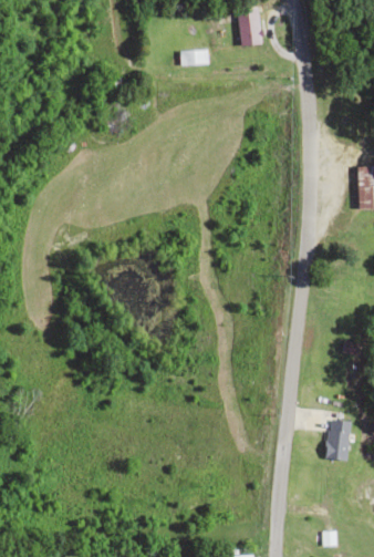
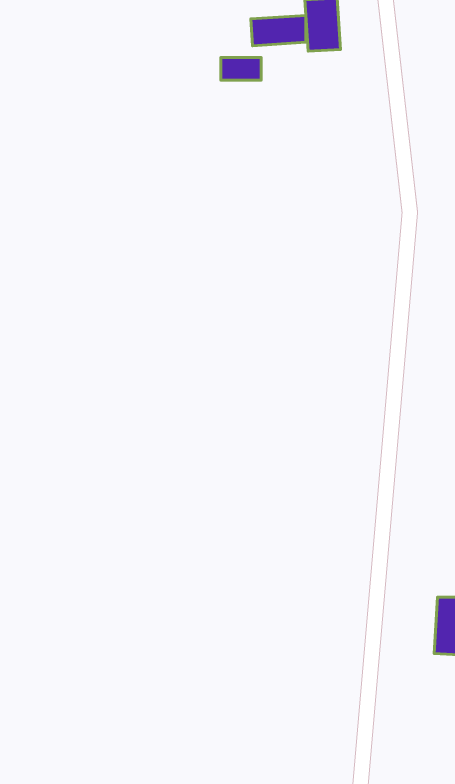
building: none -> [251,16,306,46]

